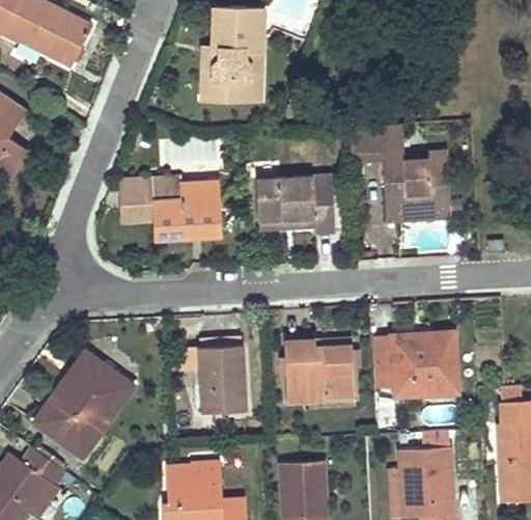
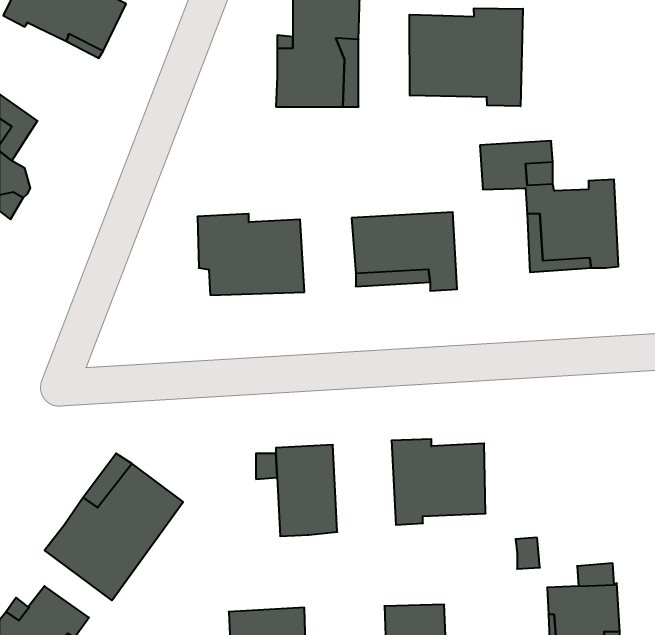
building: none -> [409,8,523,106]
building: [121,180,145,218] -> none
building: [370,331,458,396] -> none

